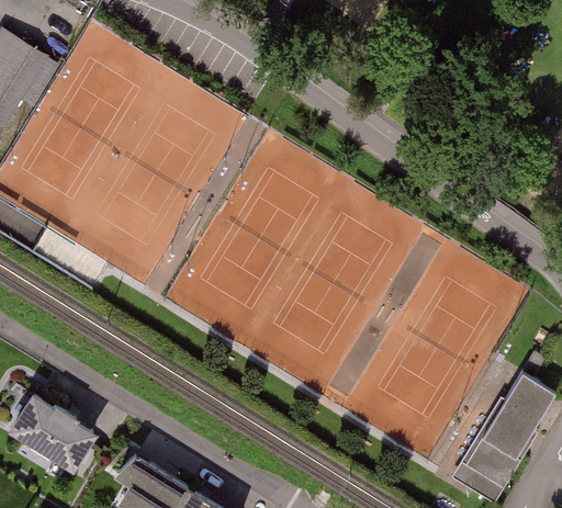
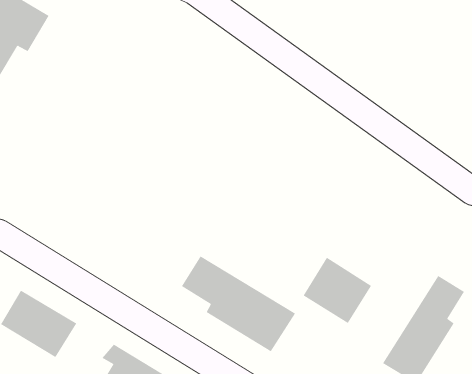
building: none -> [181,256,296,352]
building: none -> [303,257,372,324]

